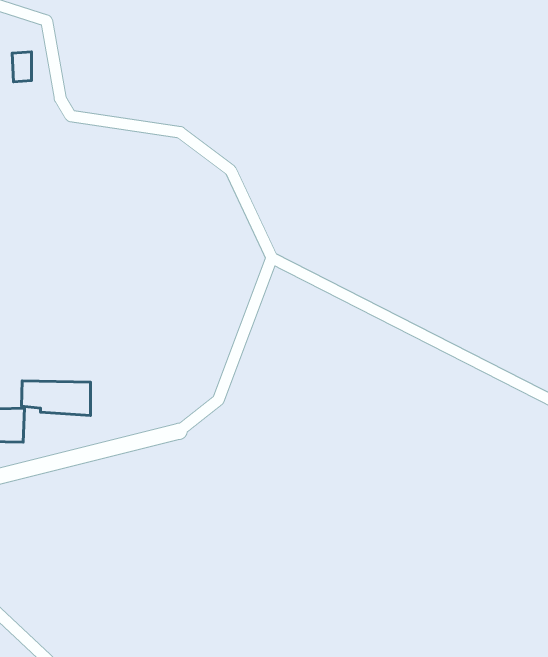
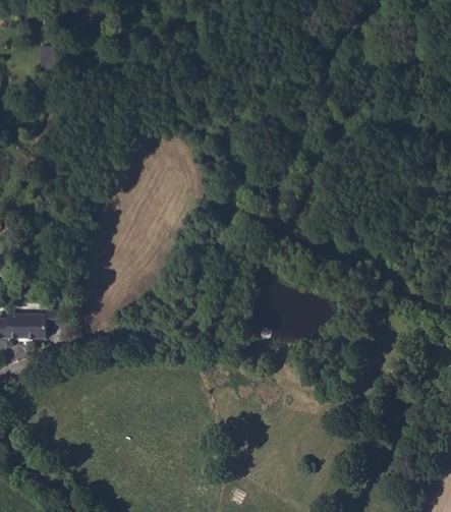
building: [21,381,91,415] -> none

